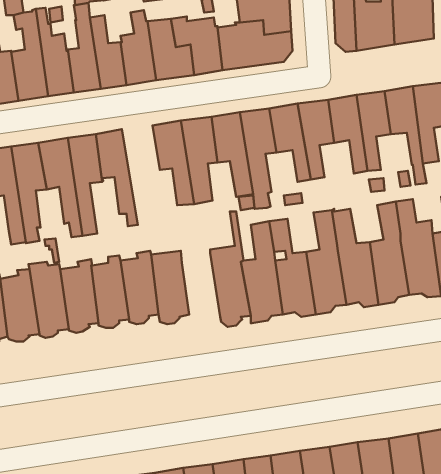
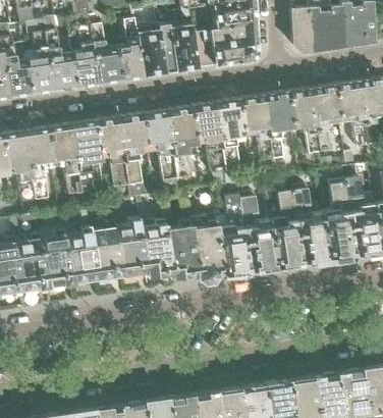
building: none -> [117,114,149,197]
building: none -> [167,220,199,280]

